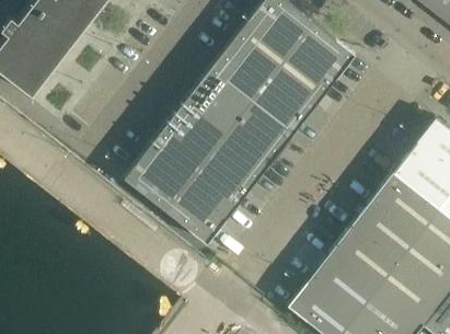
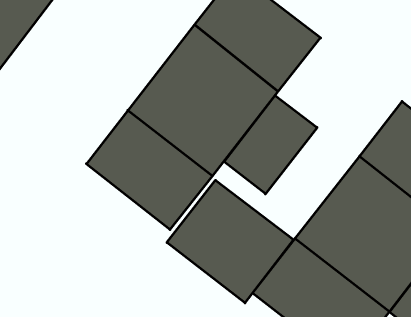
building: none -> [224,96,317,194]
building: none -> [167,180,293,303]

